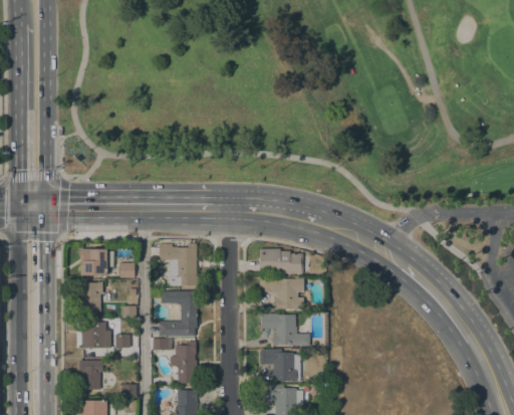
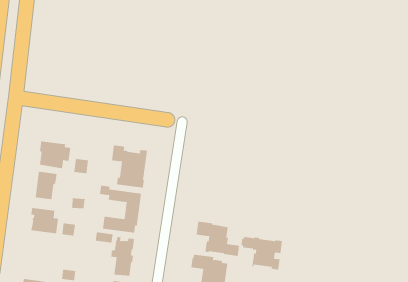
building: [259,249,303,274] -> none
building: [259,278,304,310] -> [240,237,283,270]
building: [79,361,102,390] -> none

